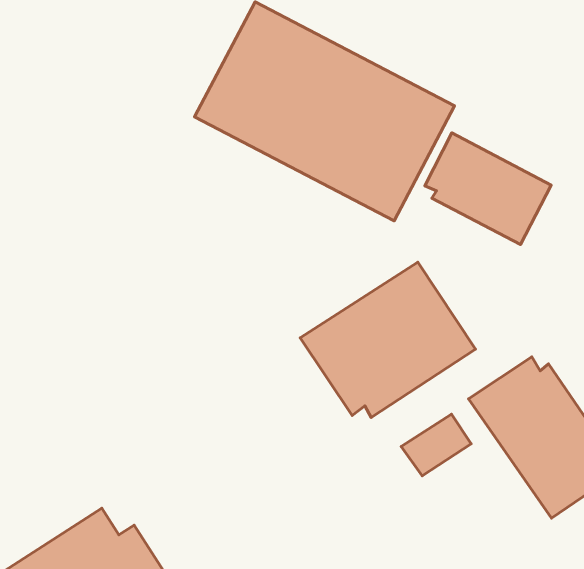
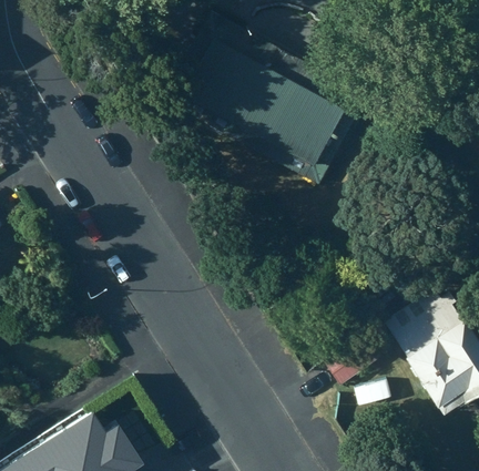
building: [425,133,551,244] -> none
building: [300,262,475,417] -> none

